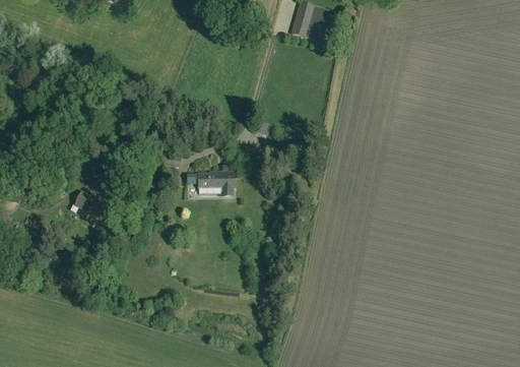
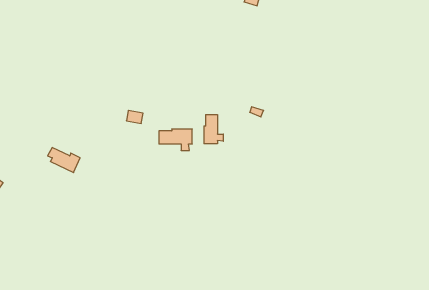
building: none -> [204,115,223,144]

